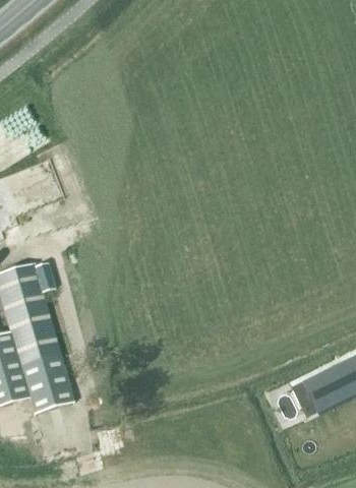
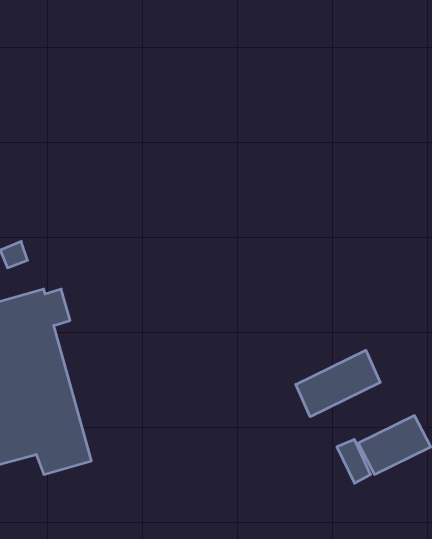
building: none -> [296,350,380,417]

